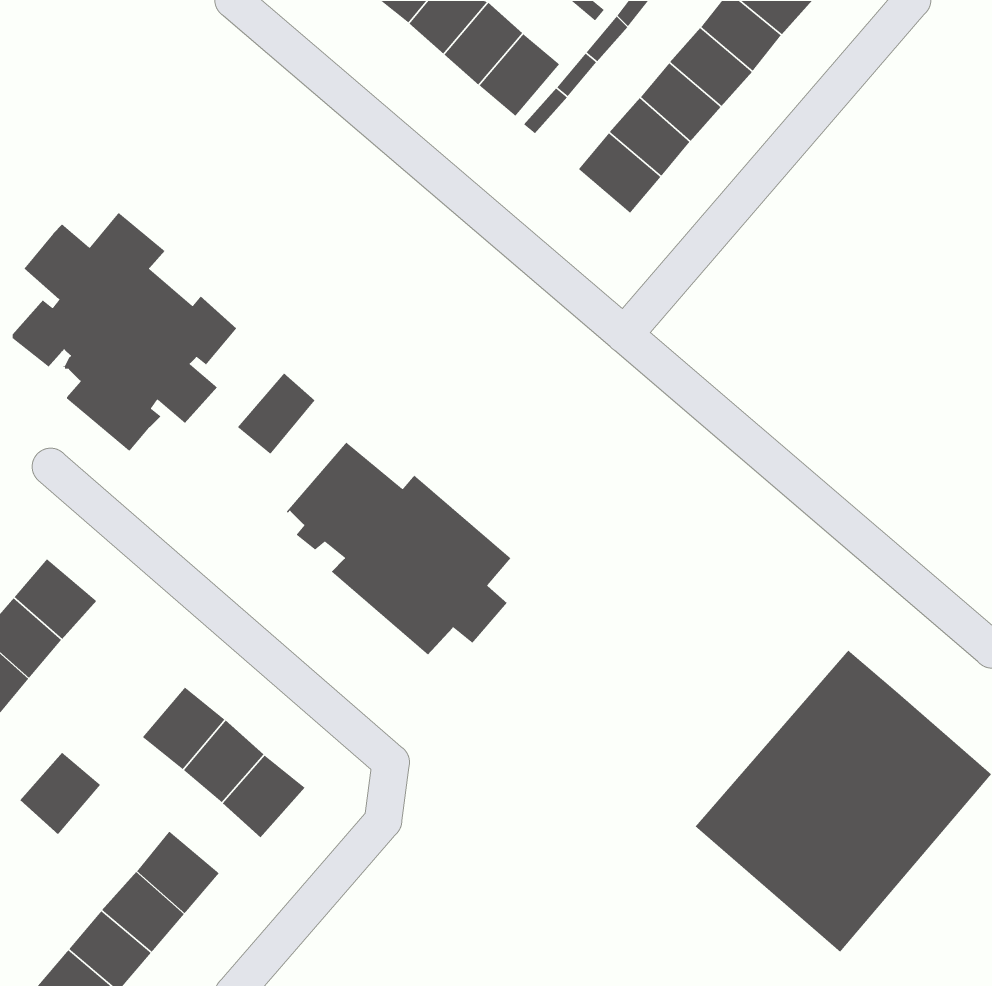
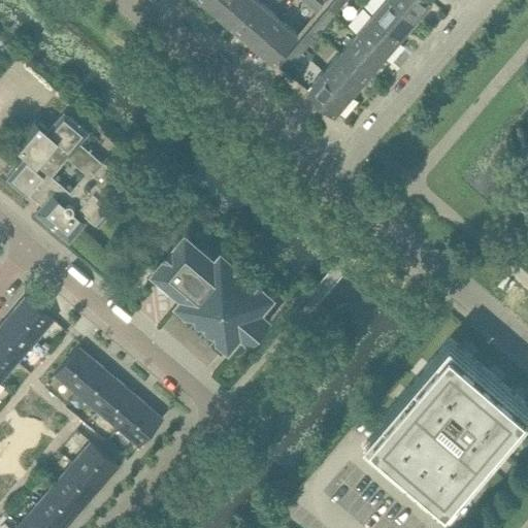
building: [237,373,316,455] -> none
building: [19,752,101,835] -> [55,351,98,395]

